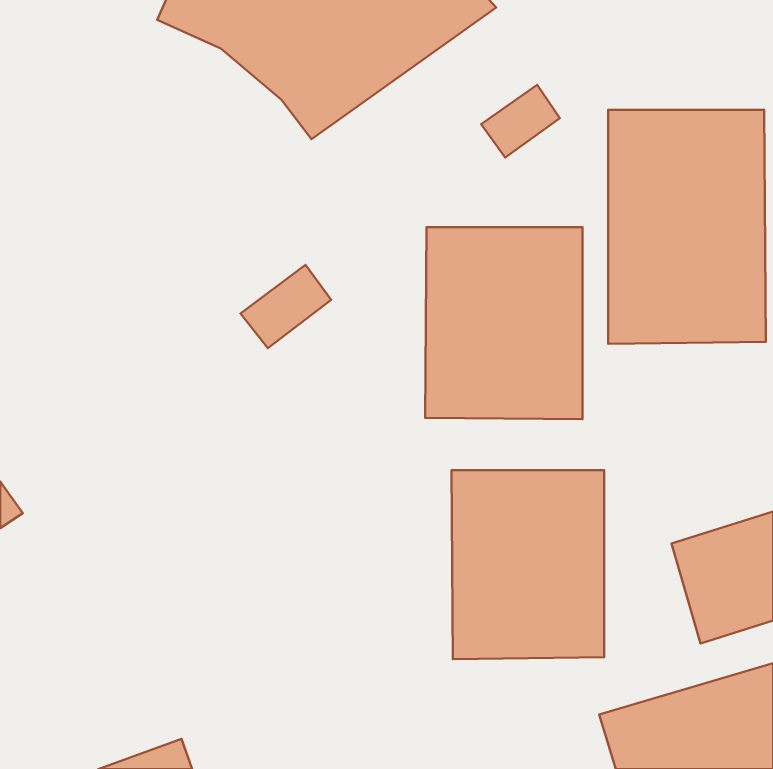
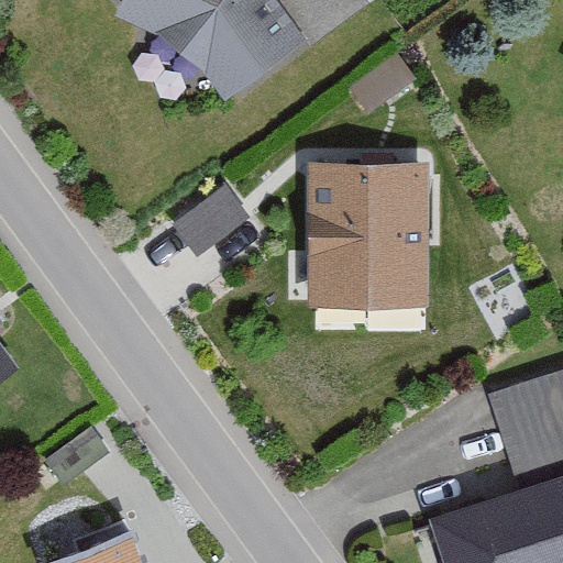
building: [608,110,766,344] -> none
building: [451,470,604,659] -> none

